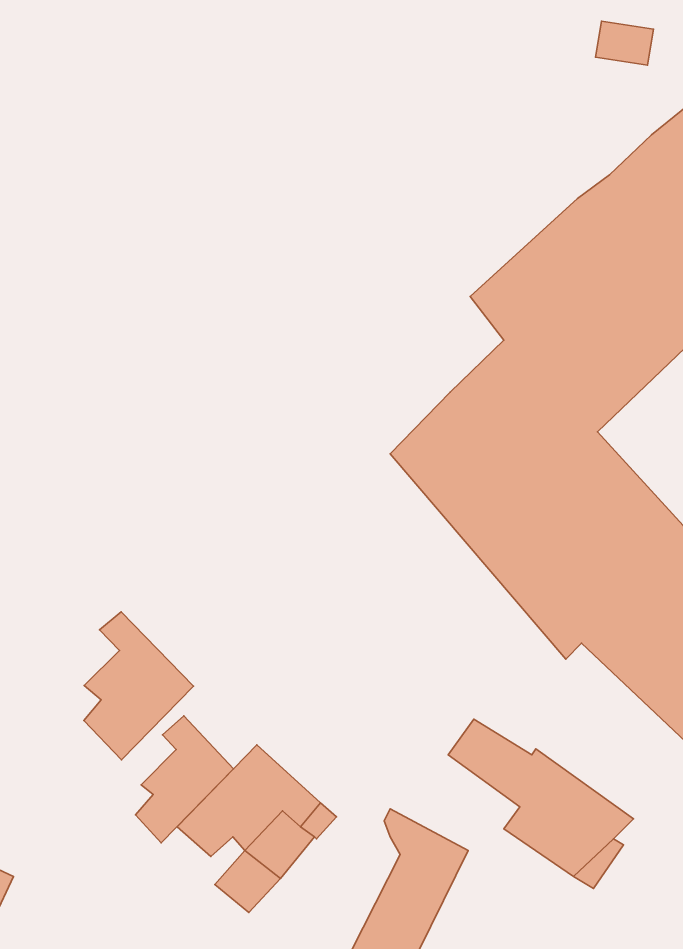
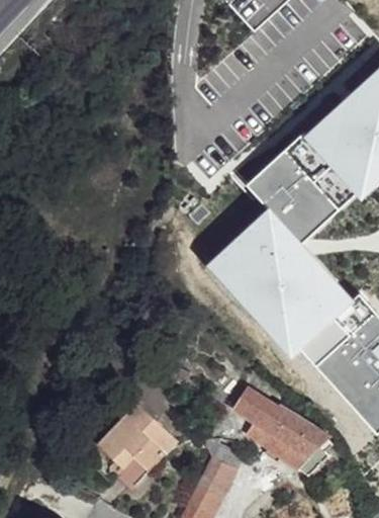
building: [84,612,193,760] -> none
building: [135,716,234,843] -> none

